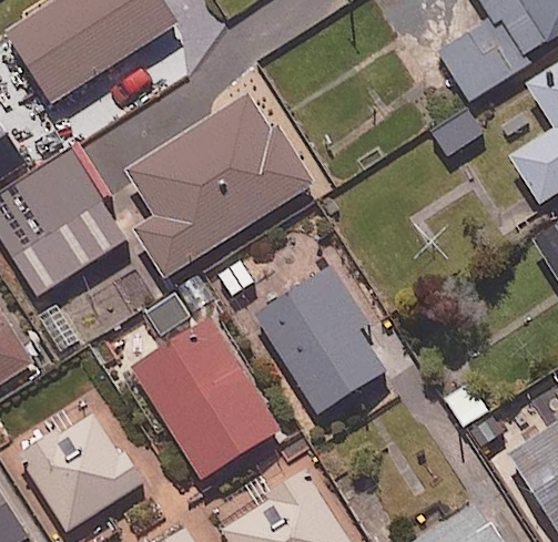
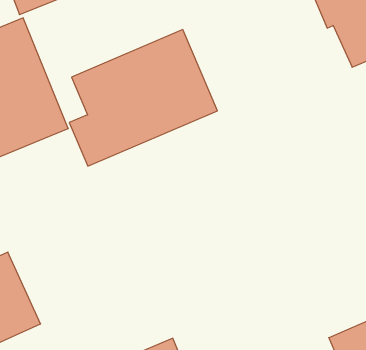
building: [252,266,385,416] -> none
building: [131,317,280,478] -> none

